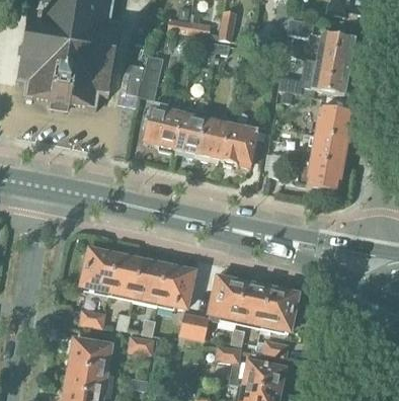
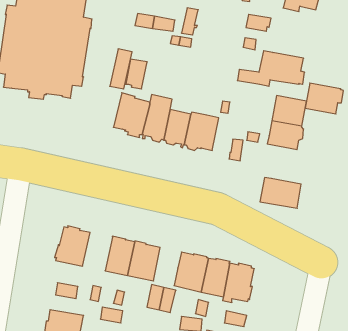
building: [316,32,357,66] -> [305,83,343,114]
building: [121,63,144,95] -> [126,59,147,89]
building: [298,158,342,191] -> [260,178,301,208]
building: [109,254,142,297] -> none

